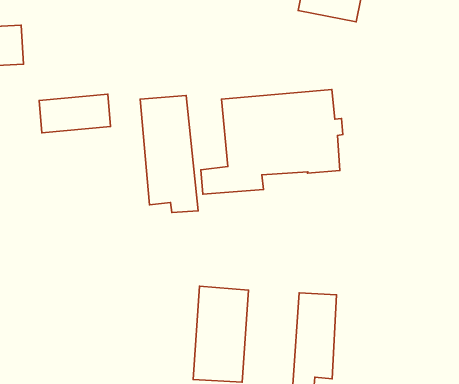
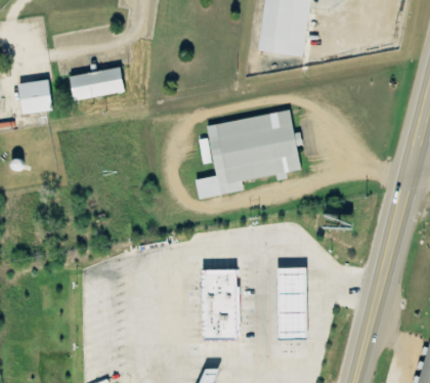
building: [39,94,111,133] -> [69,67,125,100]
building: [140,95,198,212] -> none

